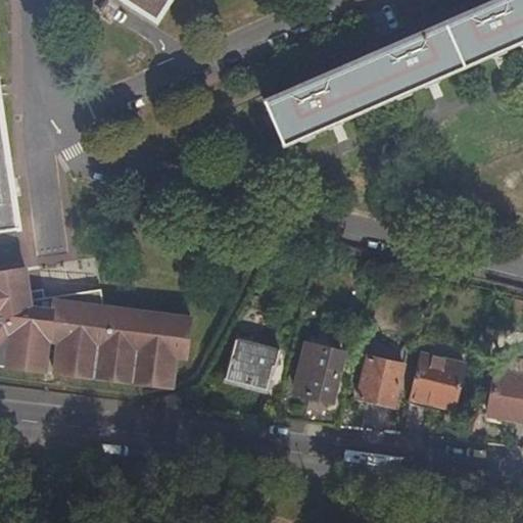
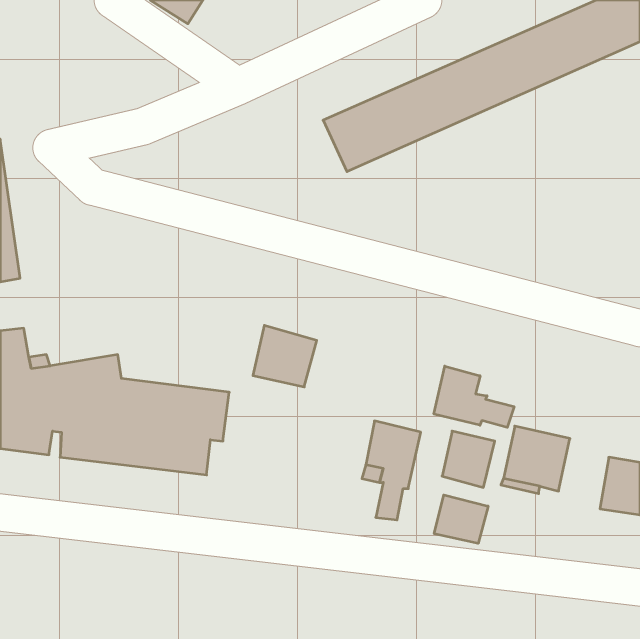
building: none -> [434,366,514,427]
building: [225,339,277,389] -> [253,325,317,387]
building: none -> [434,495,488,543]

